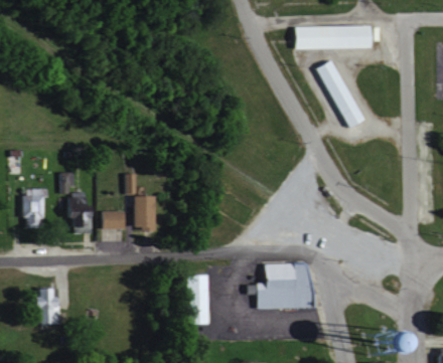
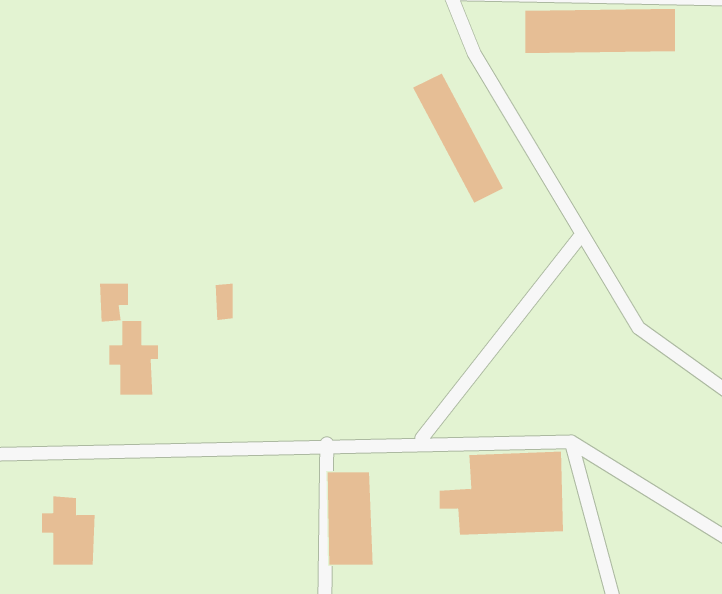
building: [316,59,365,130] -> [412,73,504,203]
building: [24,189,47,228] -> none
building: [133,195,154,229] -> none
building: [103,211,123,229] -> none

